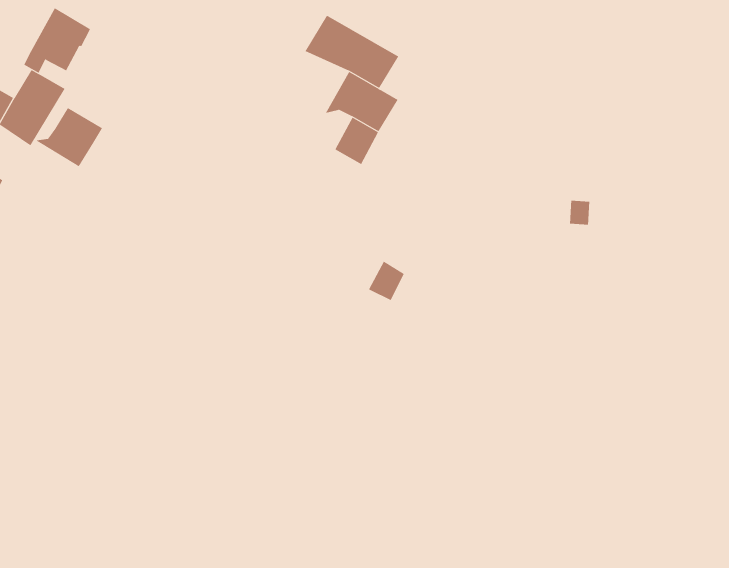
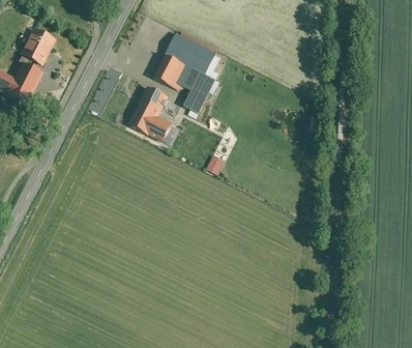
building: none -> [154,50,189,84]
building: [35,107,103,167] -> none
building: none -> [129,83,173,137]

